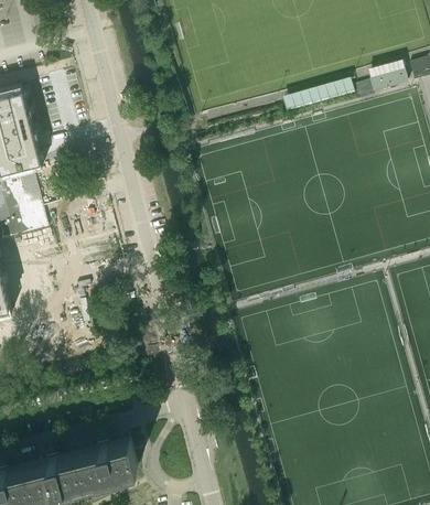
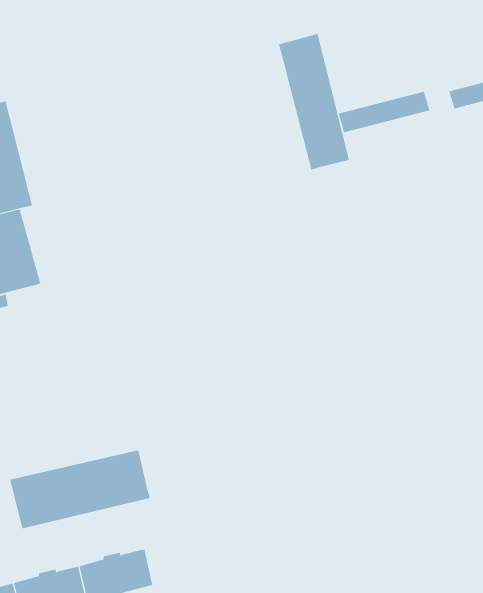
building: none -> [278,33,350,171]
building: none -> [9,450,151,529]

